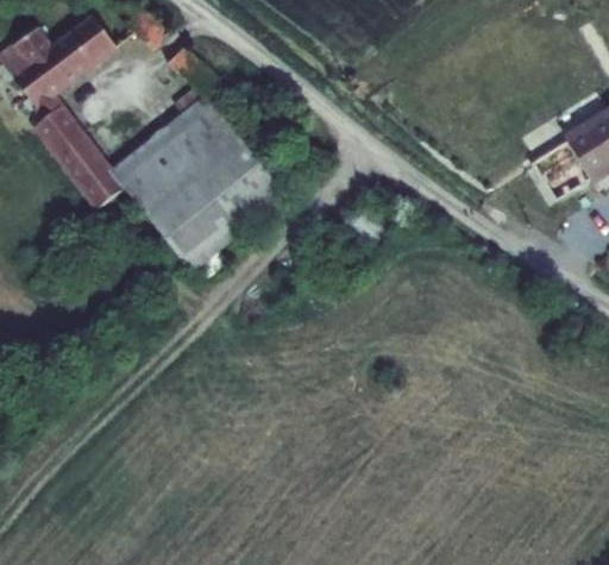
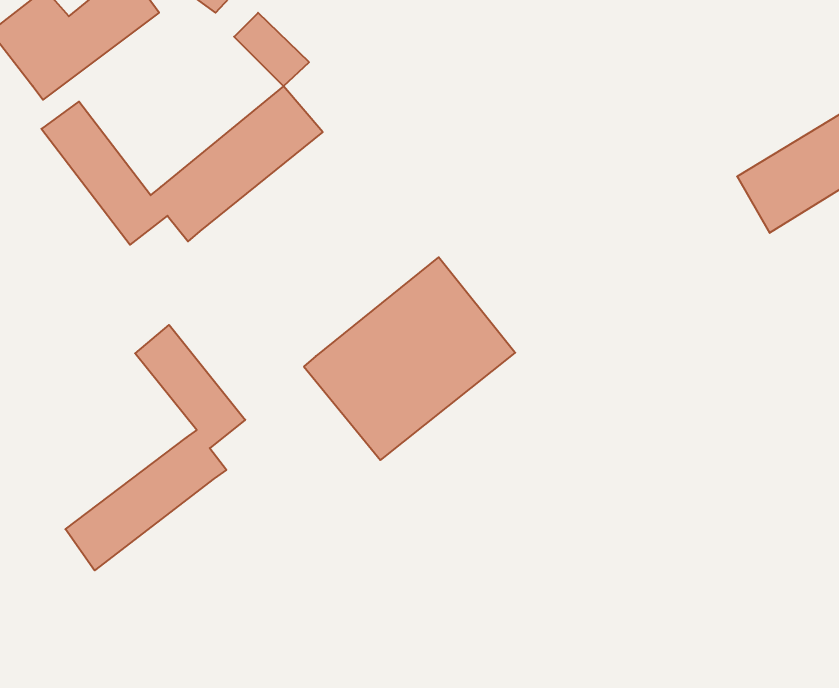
building: [138,127,285,269] -> [304,257,515,460]
building: none -> [65,325,245,570]

